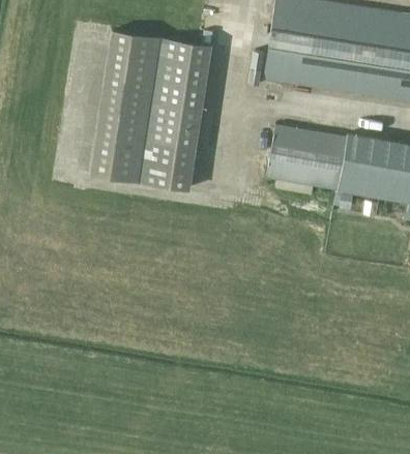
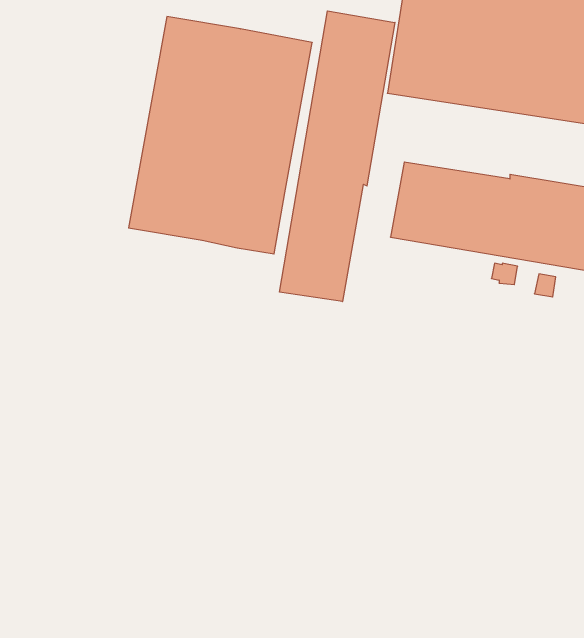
building: none -> [280,11,395,302]

